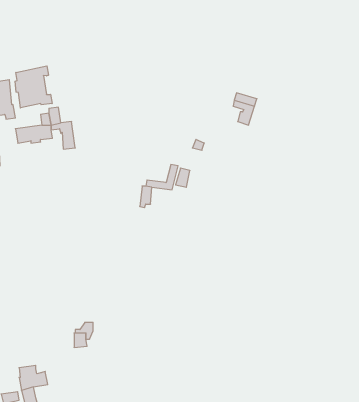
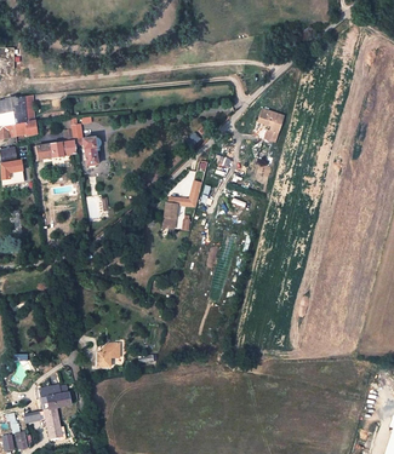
building: [15,66,52,108] -> none

